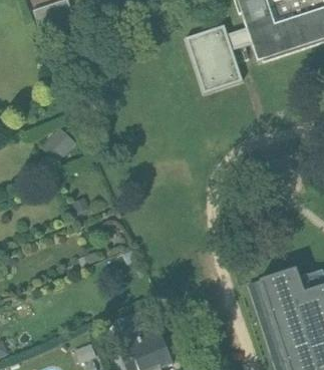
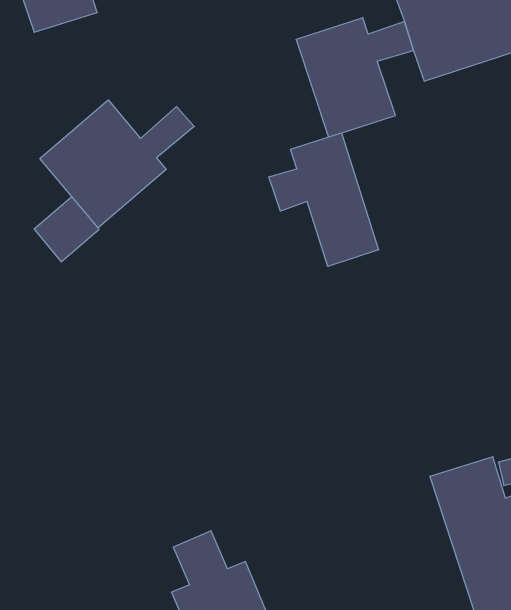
building: none -> [40,100,194,228]
building: none -> [269,133,379,266]

